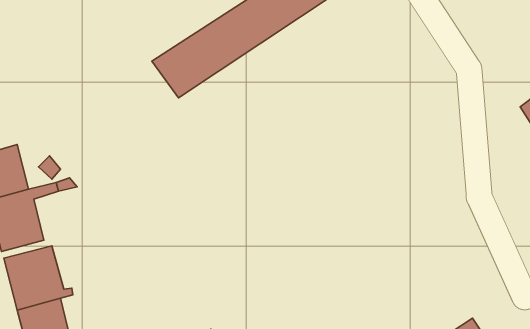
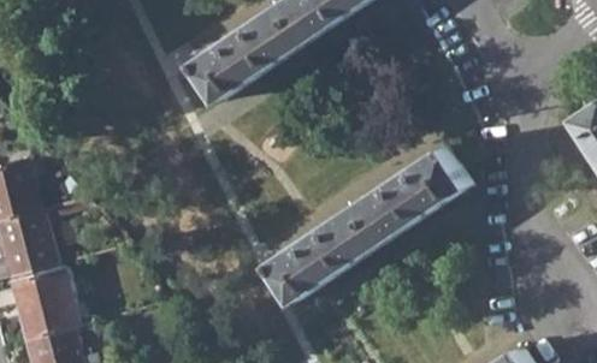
building: none -> [250,154,454,311]

